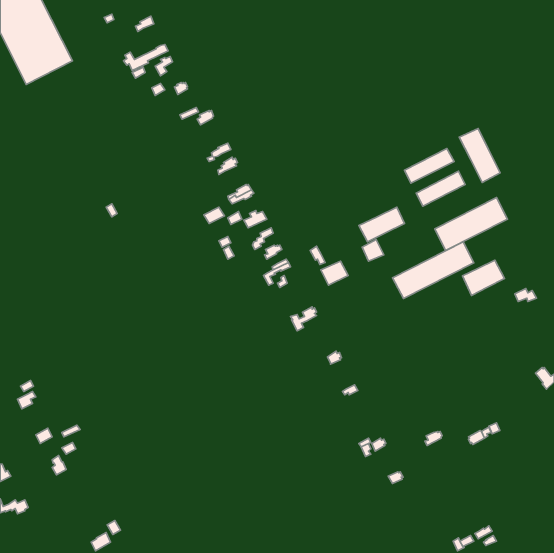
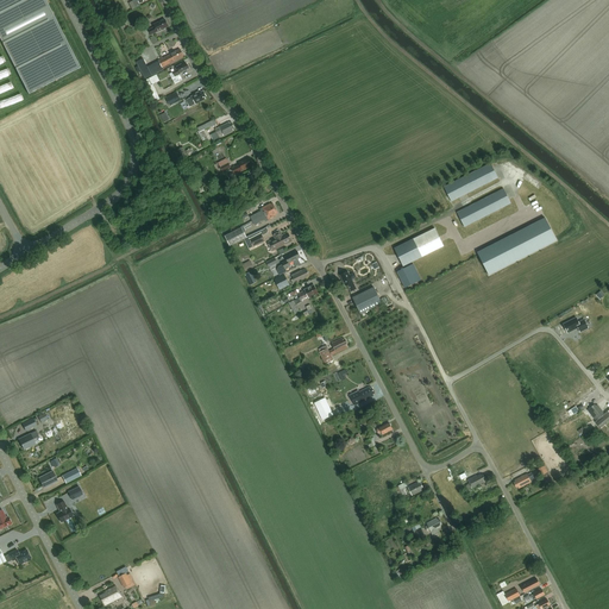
building: [459,128,500,183] -> none
building: [393,242,474,299] -> none
building: [462,260,505,295] -> none

